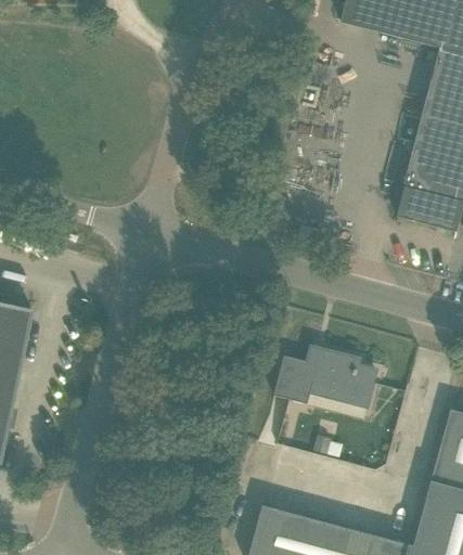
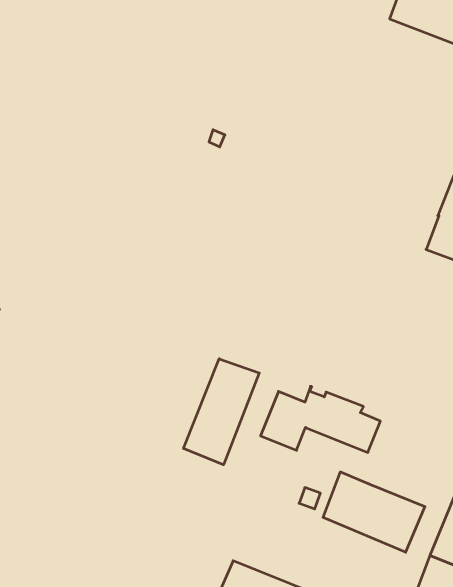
building: none -> [184,359,259,465]
building: none -> [323,472,425,552]

